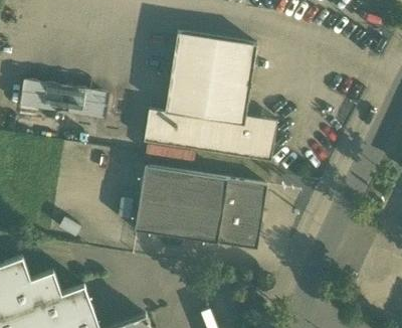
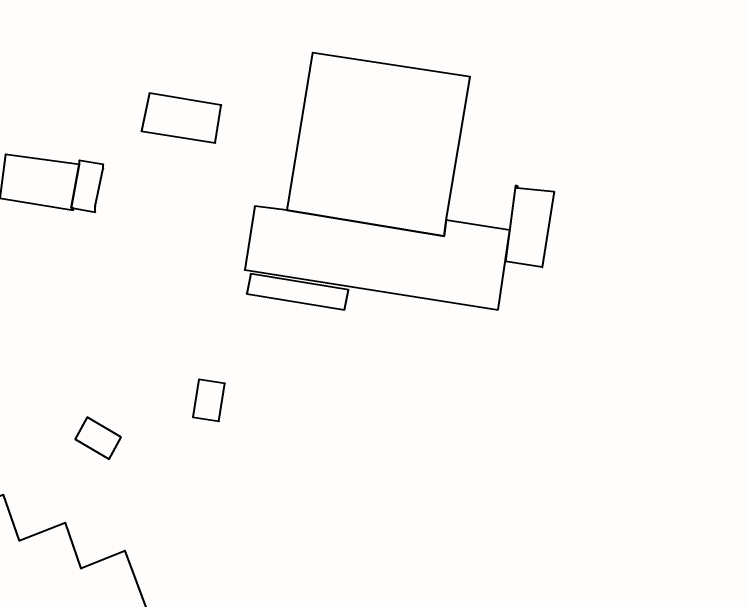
building: [68,91,109,116] -> [141,93,221,143]
building: none -> [506,185,554,267]
building: [135,166,267,250] -> none

